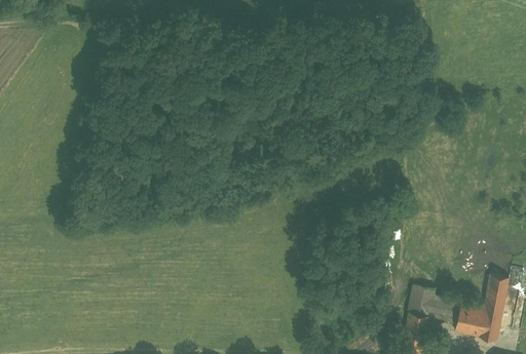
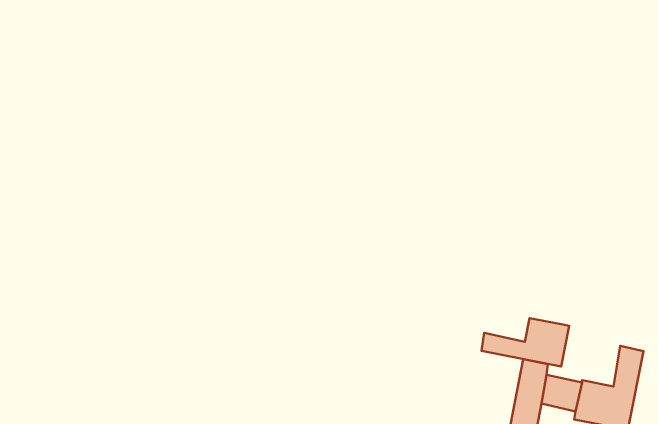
building: none -> [481,318,569,366]

